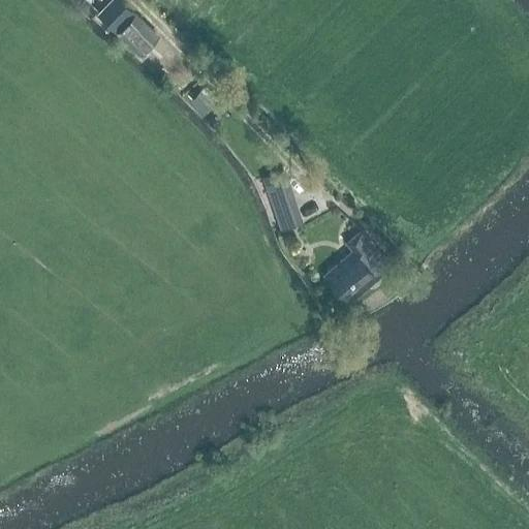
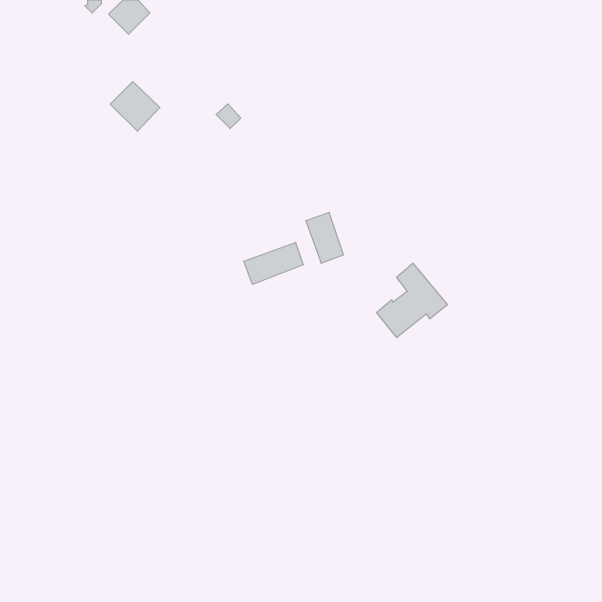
building: [114,13,157,57] -> [110,82,160,131]
building: none -> [244,242,303,284]

